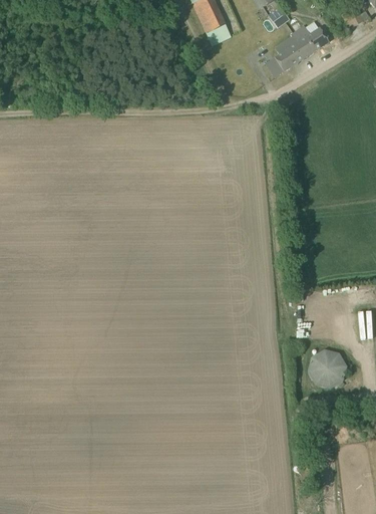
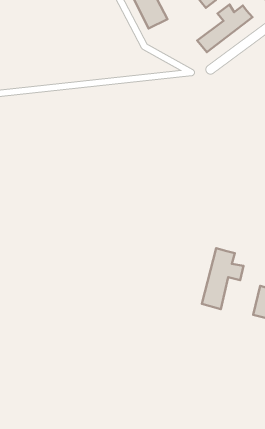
building: none -> [202,248,243,309]

